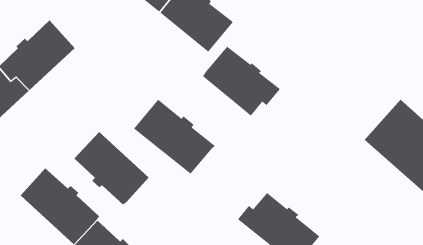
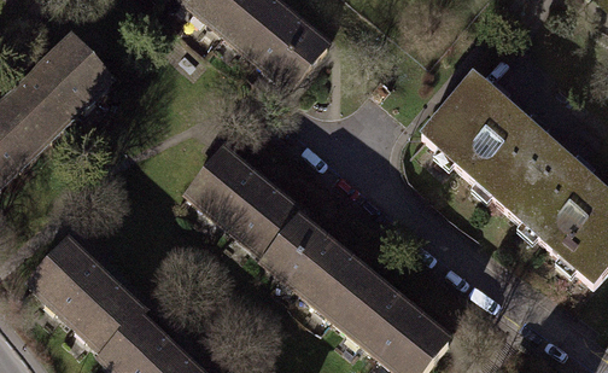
building: none -> [422,75,559,208]
building: [202,46,281,116] -> [265,220,374,317]
building: [74,131,150,206] -> none

